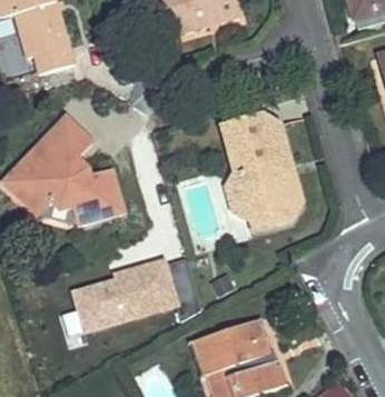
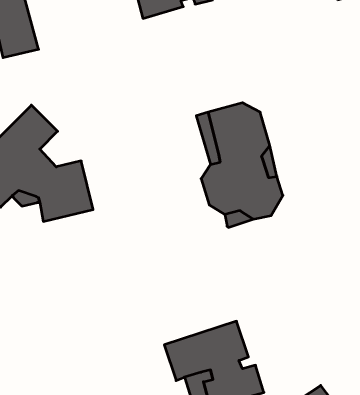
building: [58,256,197,338] -> none

